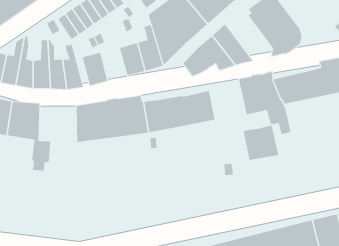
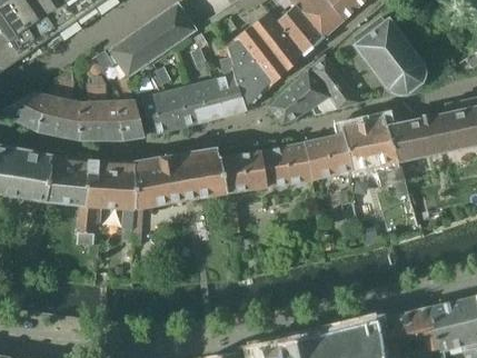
building: none -> [165,86,198,128]
building: none -> [86,157,133,228]
building: [243,125,279,160] -> [304,132,350,178]

